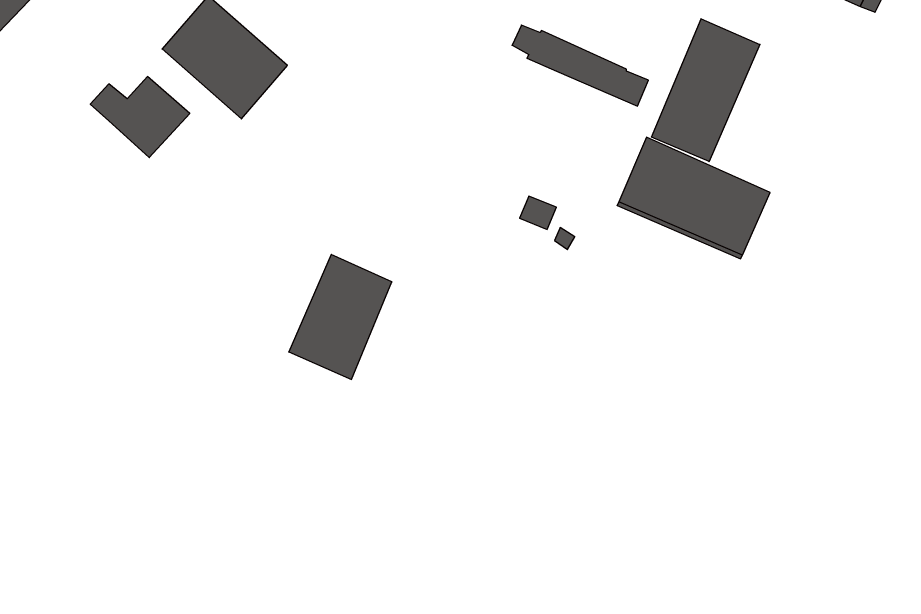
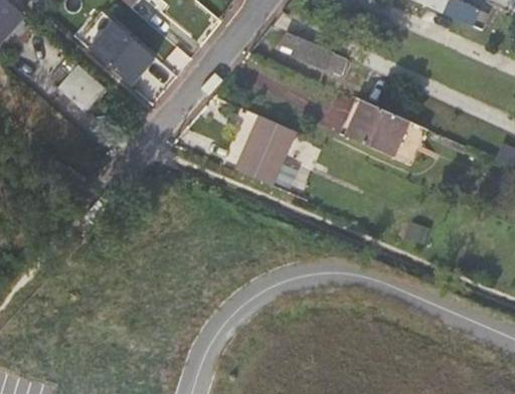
building: [652,19,760,162] -> none
building: [289,254,392,379] -> [227,112,284,180]

